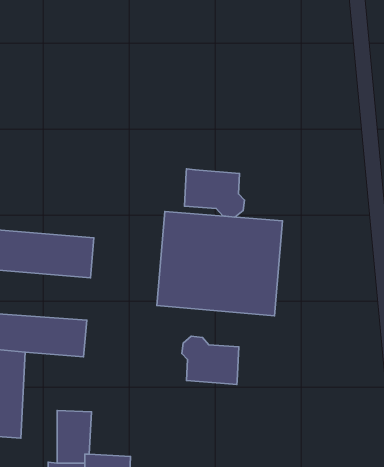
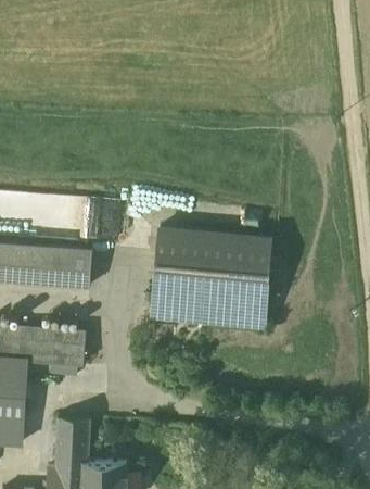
building: [185,169,244,217] -> none
building: [182,336,239,385] -> none

